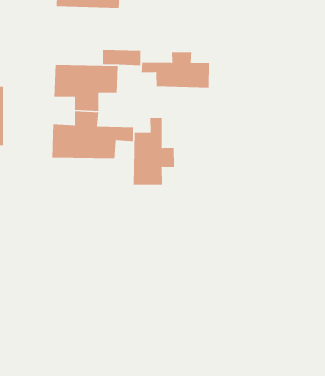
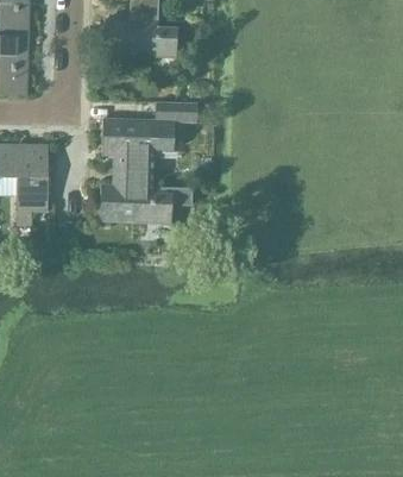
building: [141,51,210,88] -> none
building: [133,117,175,186] -> none

